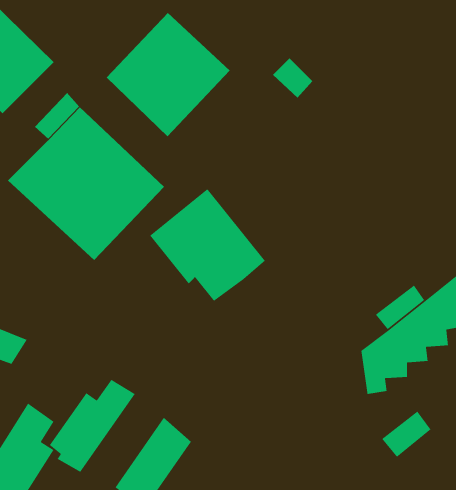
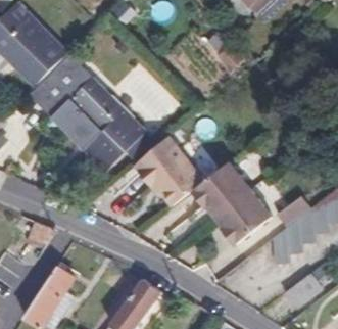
building: [106,12,230,137] -> none
building: none -> [192,159,274,244]
building: [49,379,136,473] -> none

